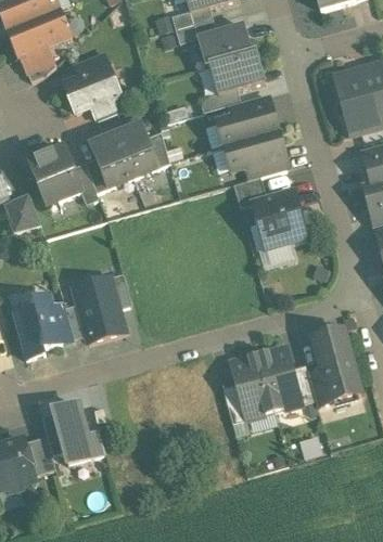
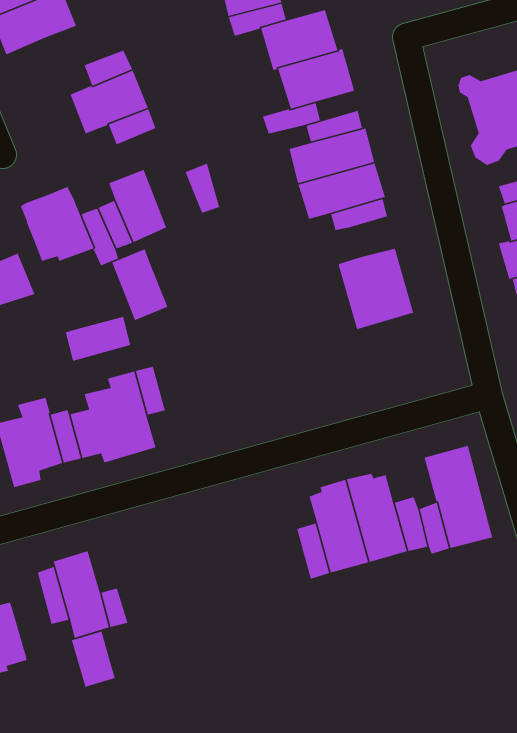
building: [21,44,55,80] -> none
building: [116,126,156,177] -> [111,248,169,321]
building: [233,177,266,207] -> none
building: none -> [65,315,131,362]
building: [24,435,55,475] -> [71,630,116,688]

